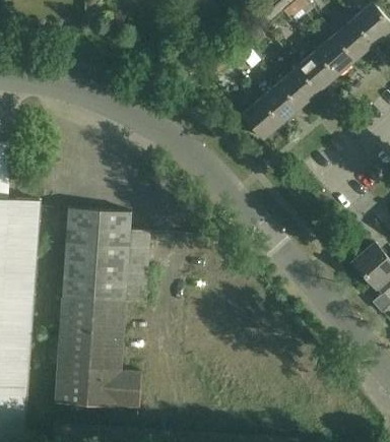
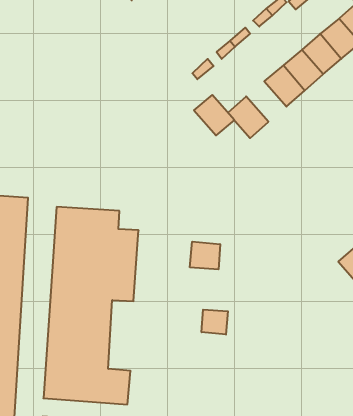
building: [257,83,298,124] -> [194,95,234,135]
building: none -> [190,242,220,269]
building: none -> [202,310,228,335]

